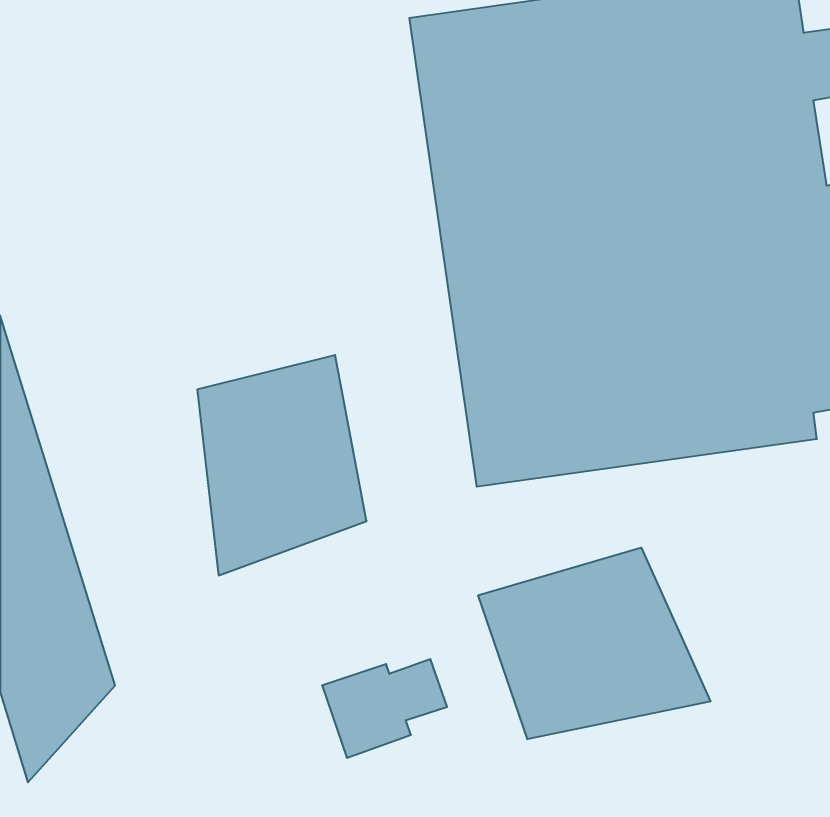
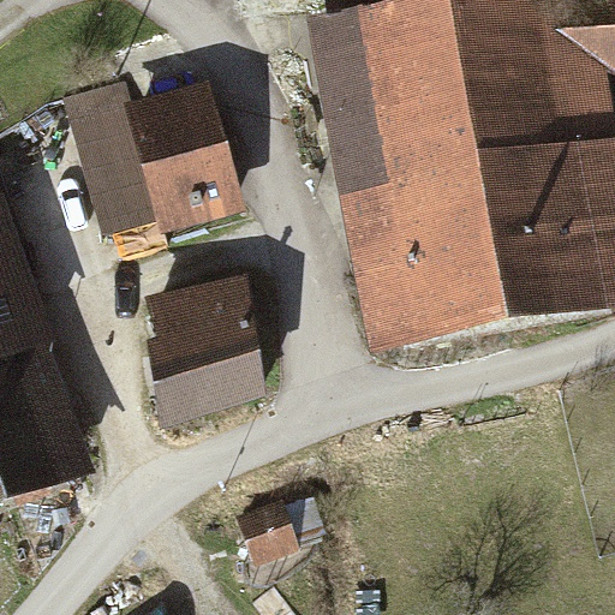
building: none -> [56,67,247,235]
building: [478,548,711,739] -> none

